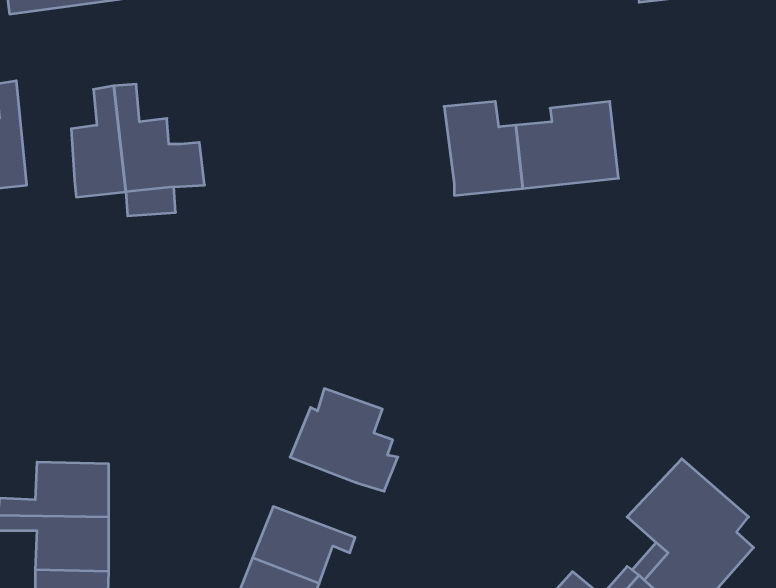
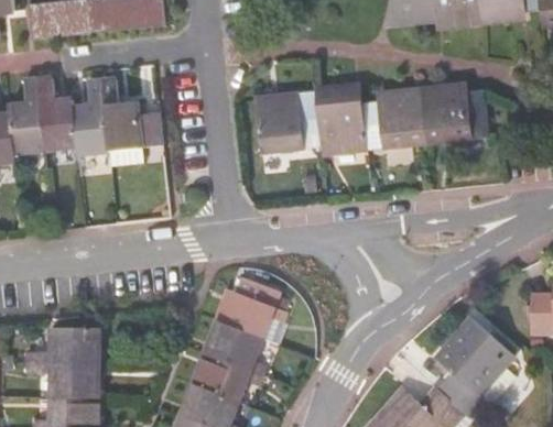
building: none -> [41,77,78,145]
building: none -> [423,87,490,141]
building: none -> [256,95,323,152]
building: none -> [206,320,262,372]

